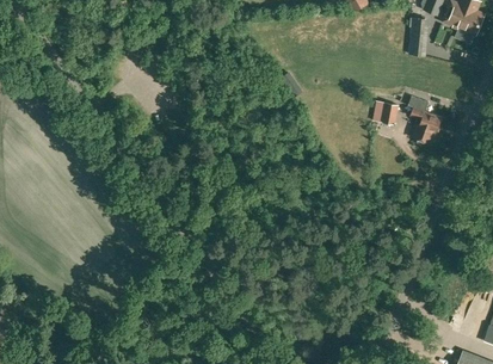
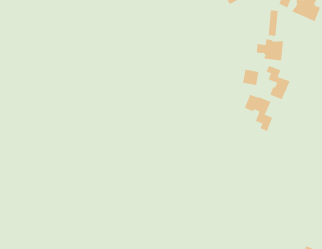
building: none -> [256,39,284,61]
building: none -> [244,94,273,132]

